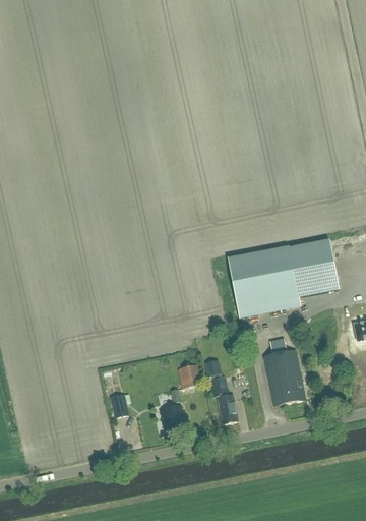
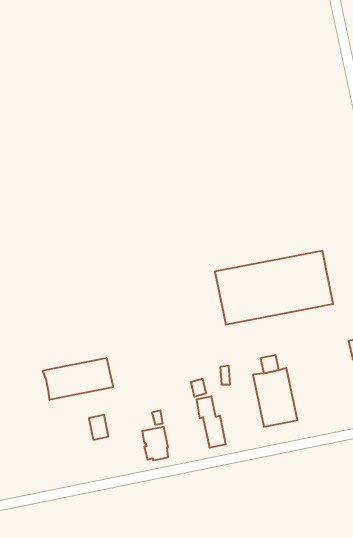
building: none -> [43,358,113,400]
building: [176,364,200,388] -> none

